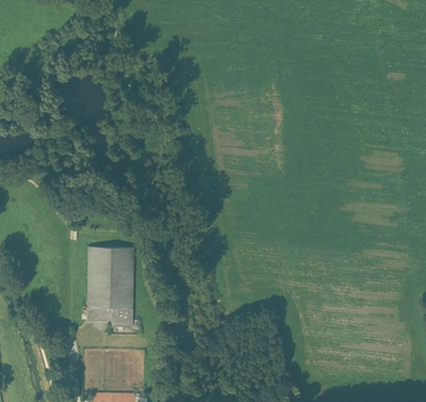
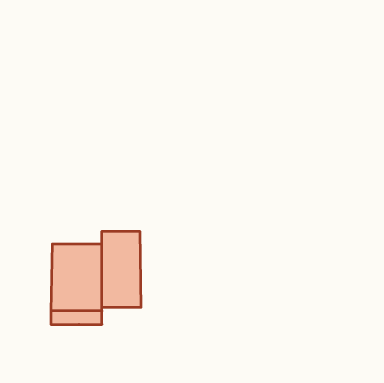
building: none -> [102,231,141,307]

